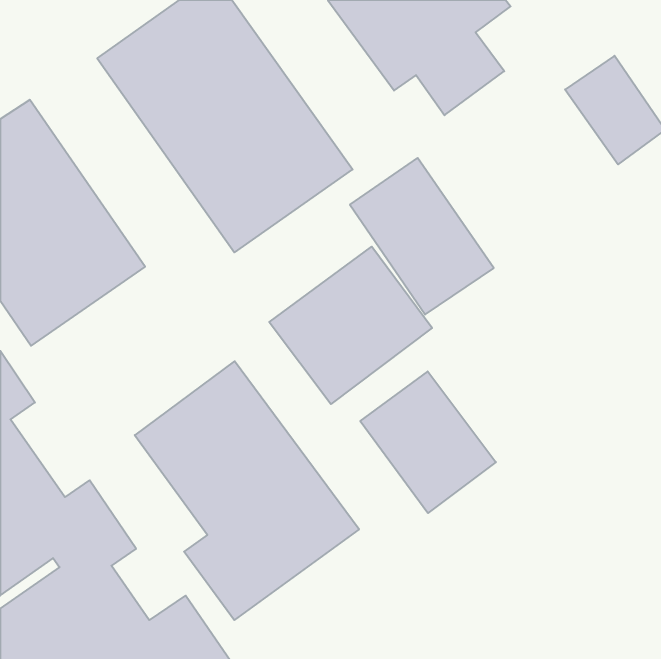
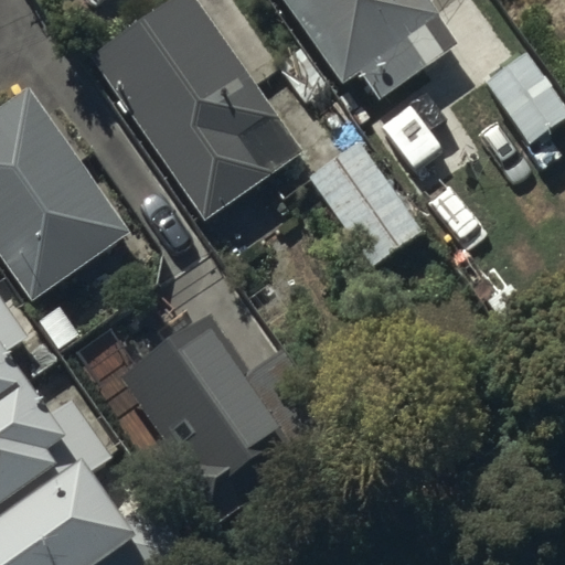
building: [269,247,432,404] -> none
building: [360,371,496,513] -> none

